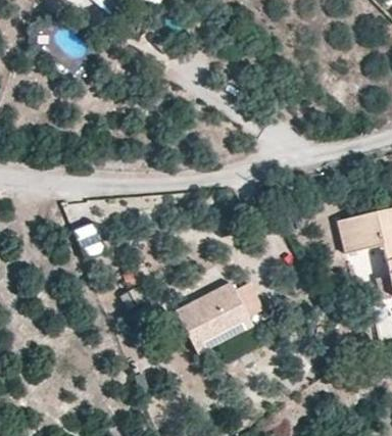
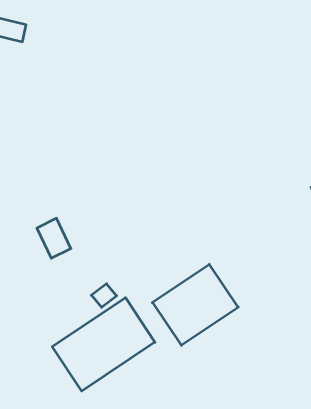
building: none -> [52,298,155,391]

